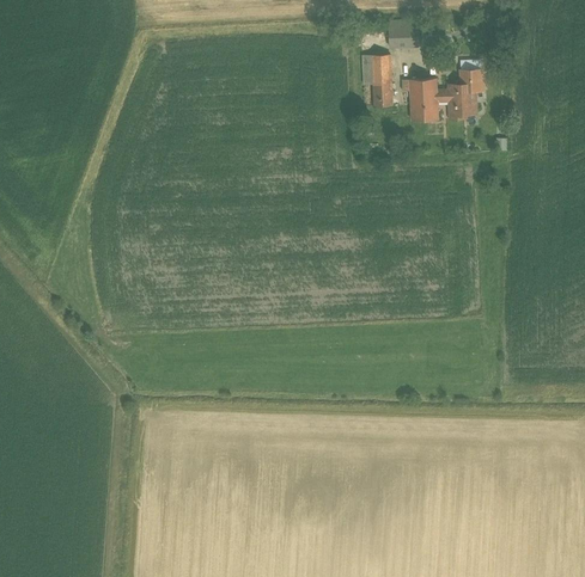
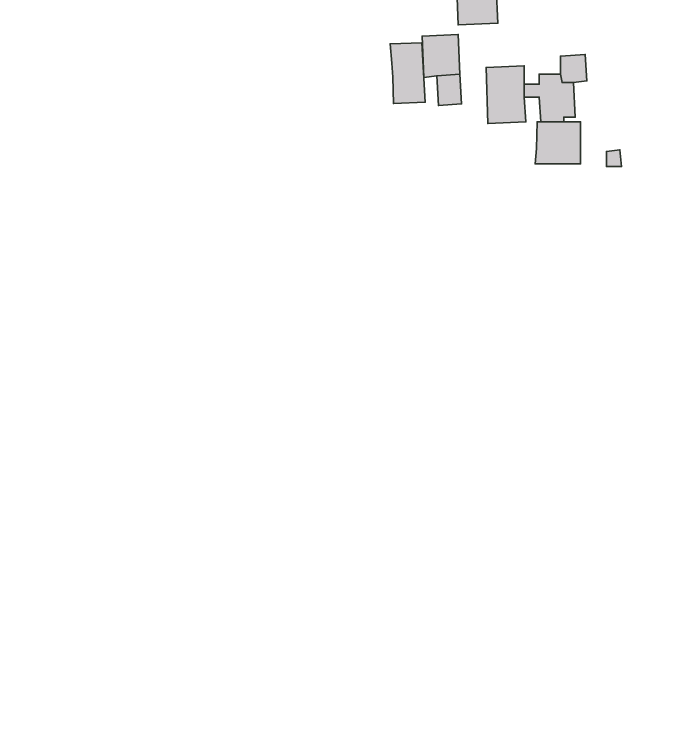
building: none -> [390,43,425,103]
building: none -> [535,122,581,164]

